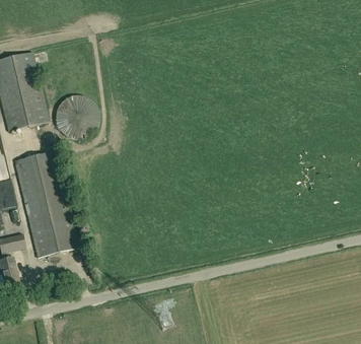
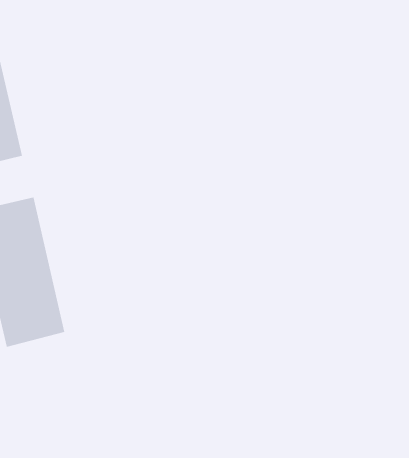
building: [55,94,99,139] -> none

